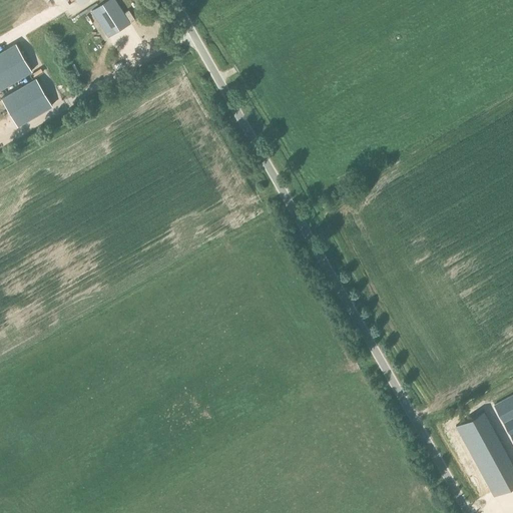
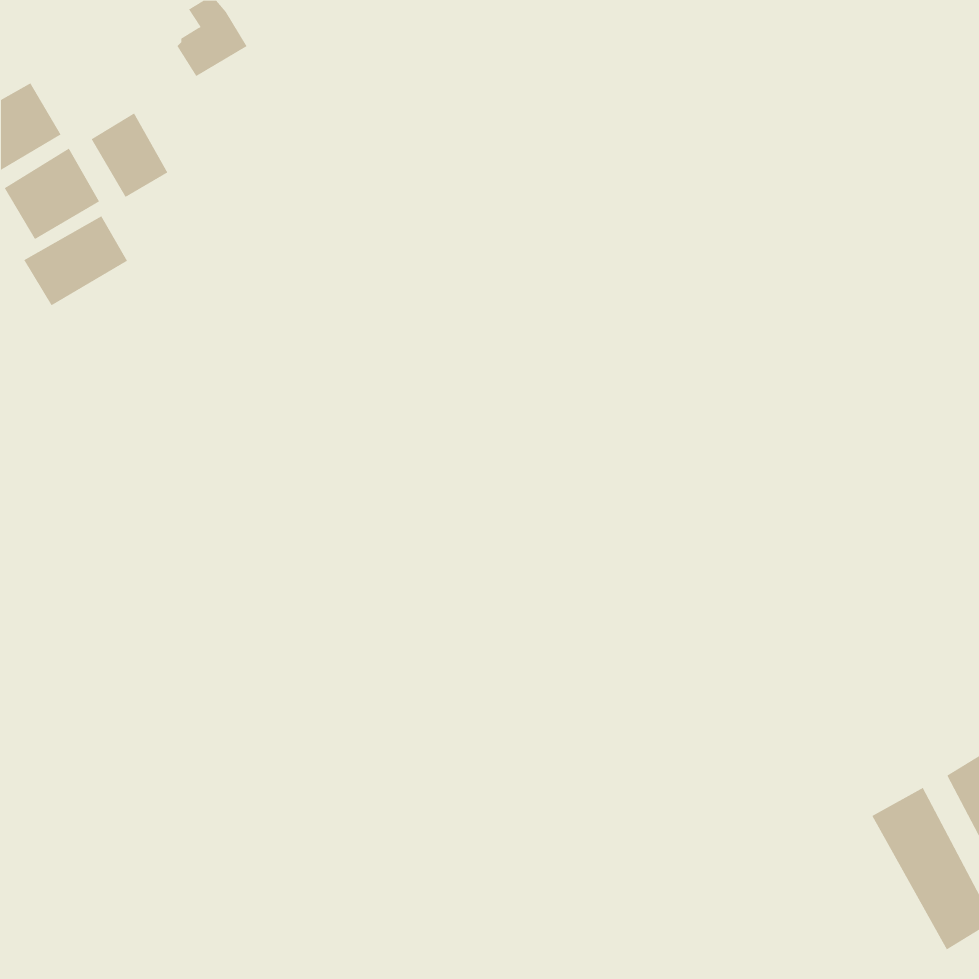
building: none -> [91,112,168,198]
building: none -> [23,216,128,306]

